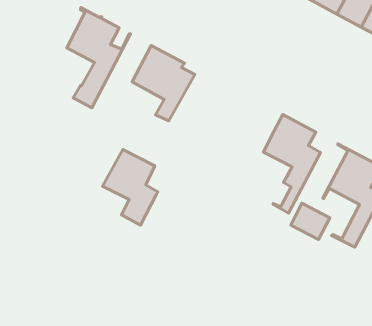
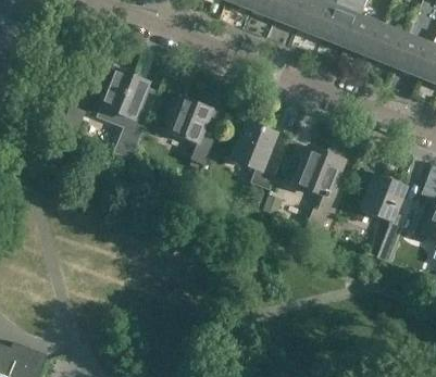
building: [103,150,158,225] -> [228,122,281,190]
building: [291,203,330,240] -> none

